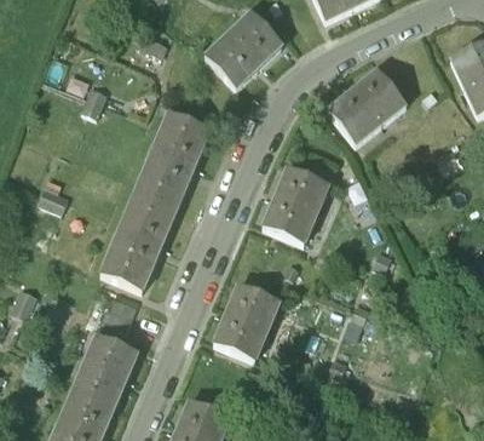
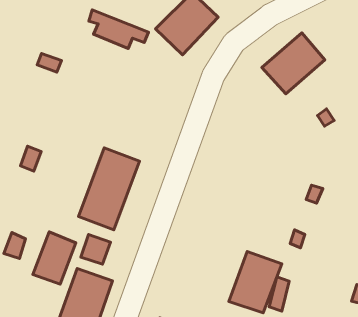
building: [136,113,211,211] -> none
building: [263,167,327,241] -> none
building: [213,284,278,357] -> [229,251,282,313]
building: none -> [33,232,76,284]

